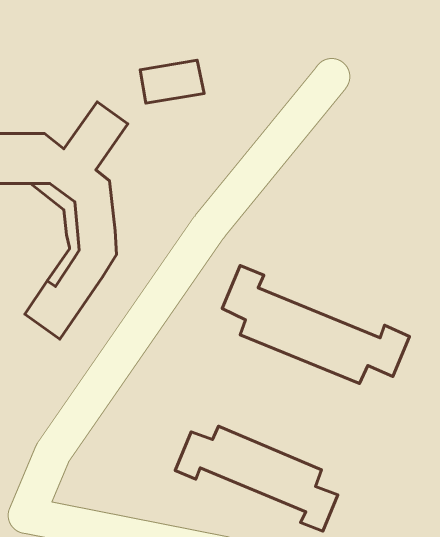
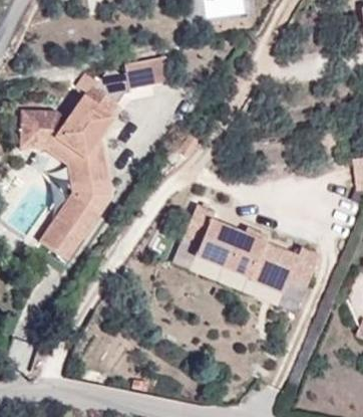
building: [175,426,338,531] -> none

